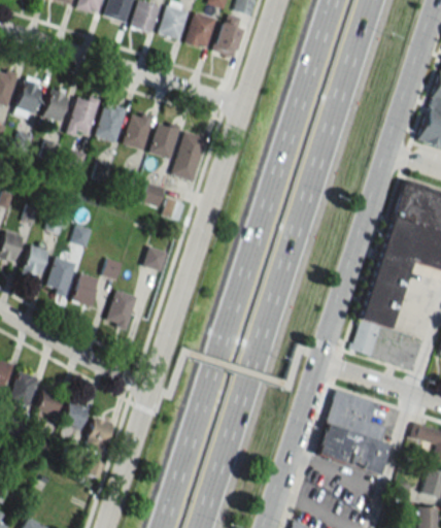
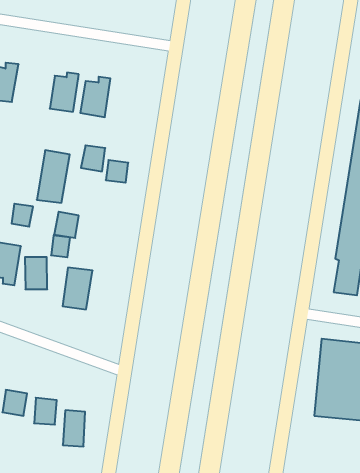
building: [95,106,127,143] -> none
building: [172,132,208,182] -> [37,150,70,203]
building: [143,246,168,272] -> [54,212,79,238]

